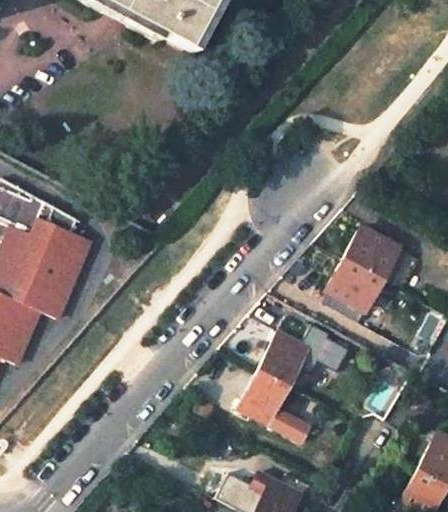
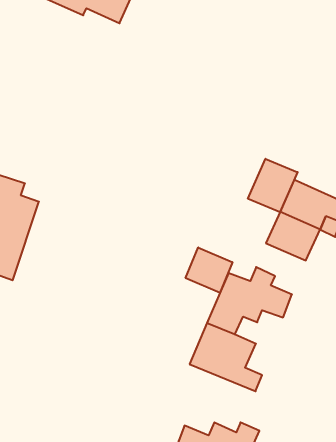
building: none -> [248,159,298,212]
building: none -> [186,247,232,293]

